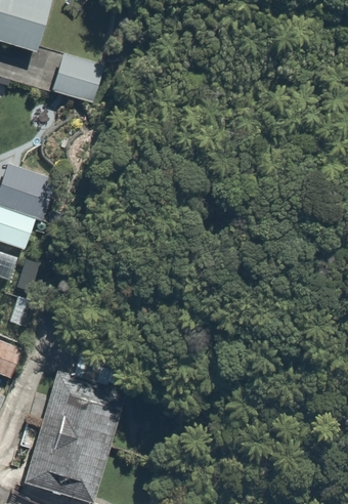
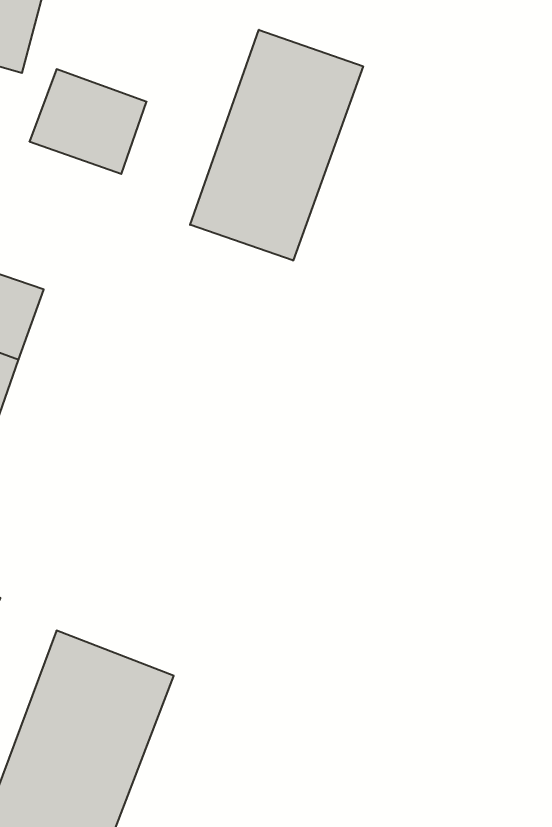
building: none -> [190,30,363,261]

